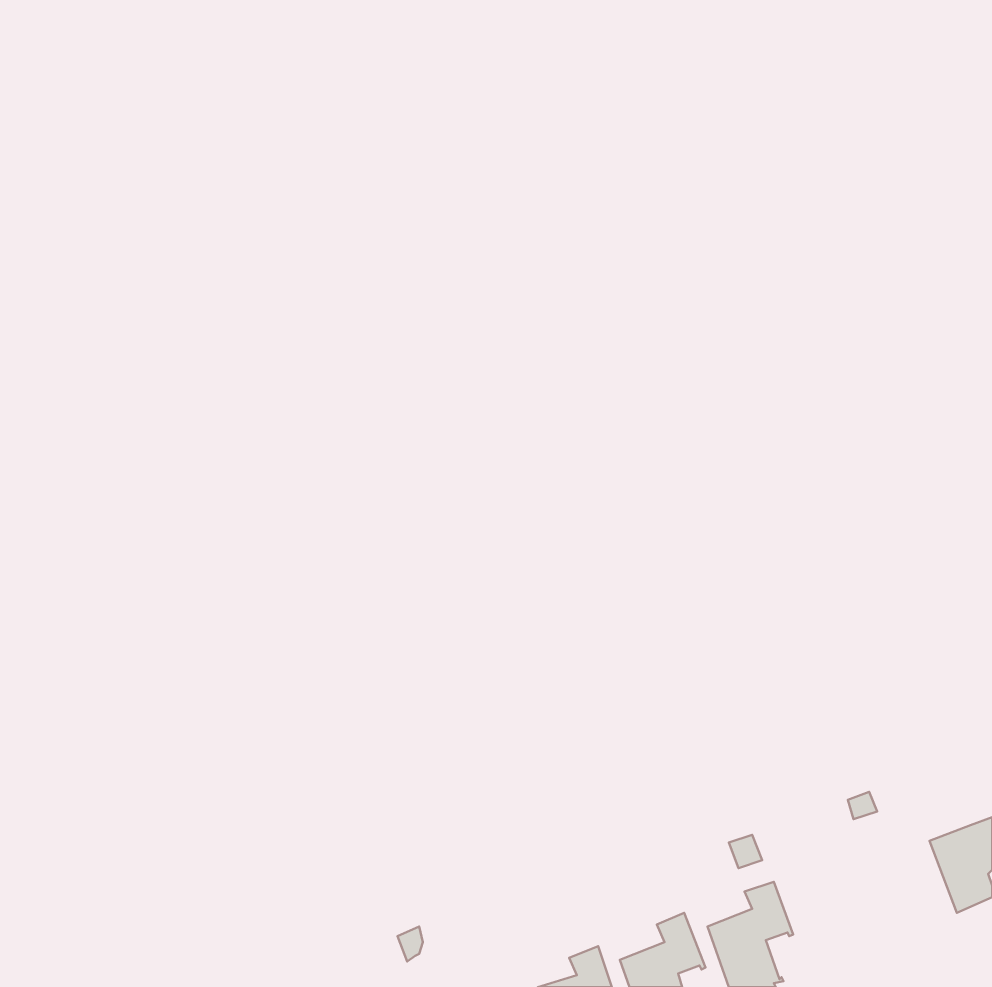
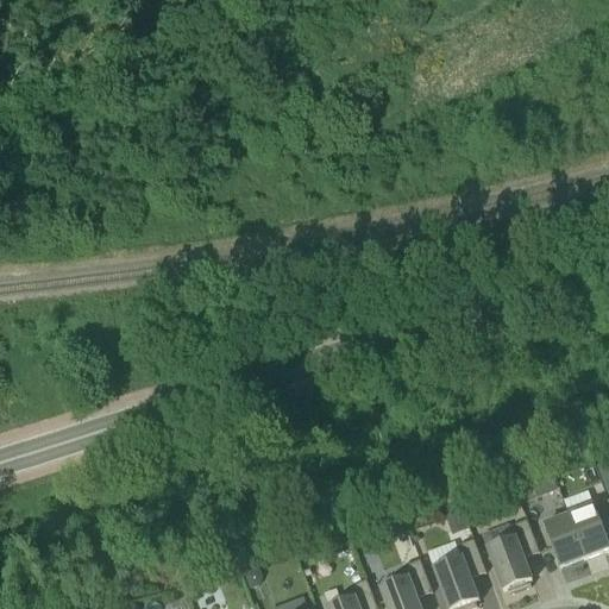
building: none -> [541,513,584,566]
building: none -> [485,517,538,592]

